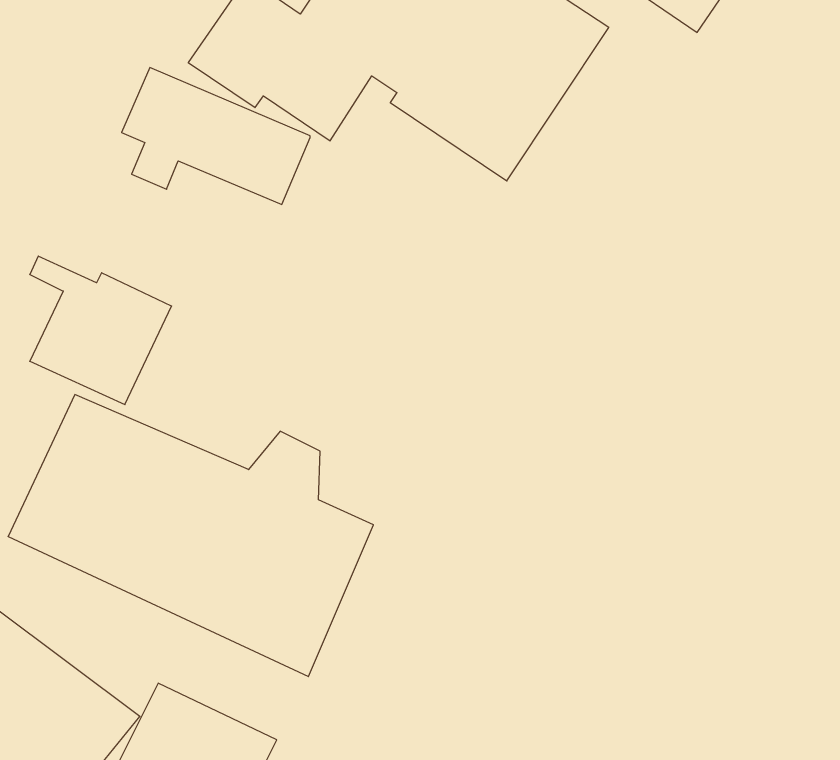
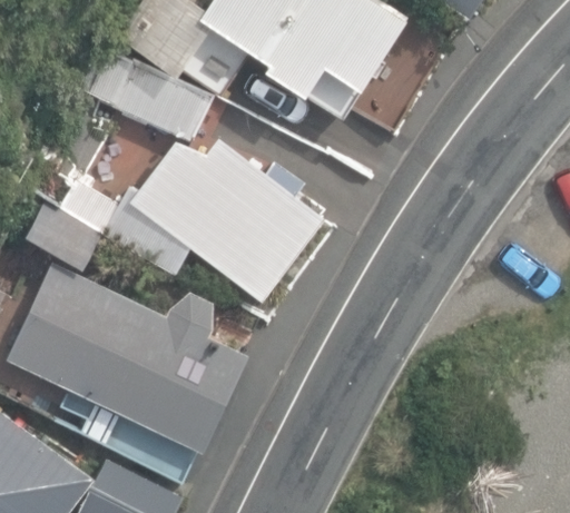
building: none -> [135,149,320,297]

